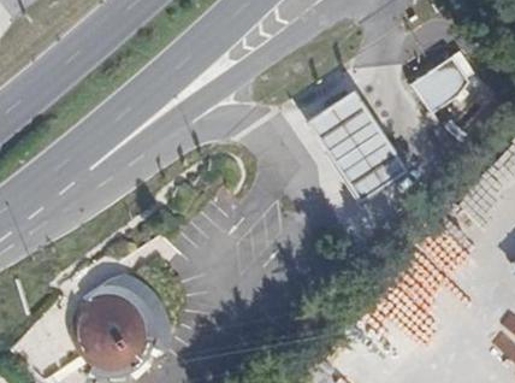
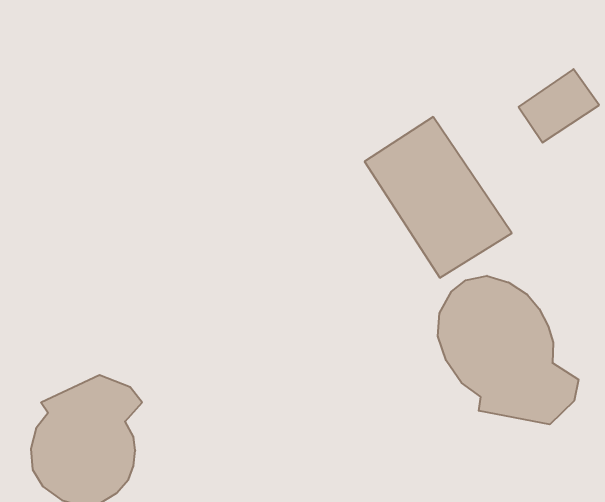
building: none -> [438,276,578,424]

